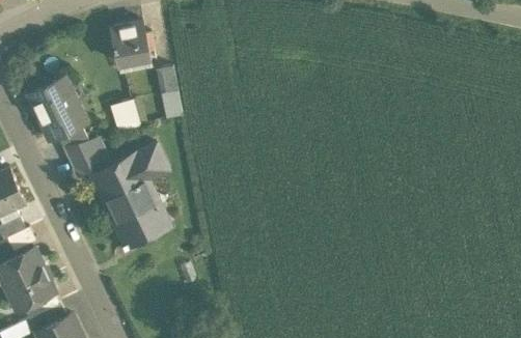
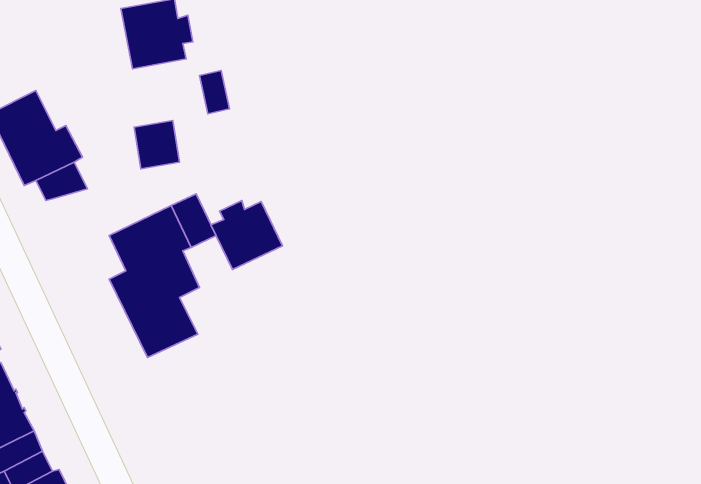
building: [66,138,107,174] -> none
building: none -> [211,200,282,270]

